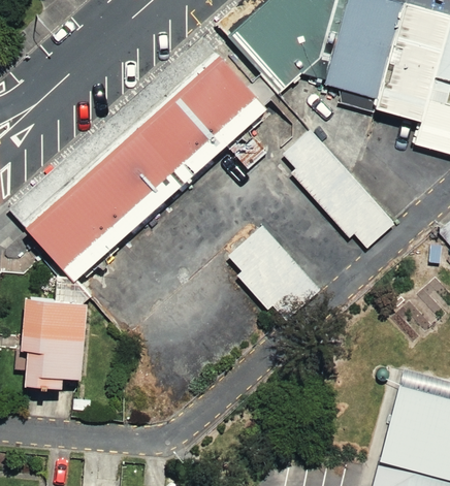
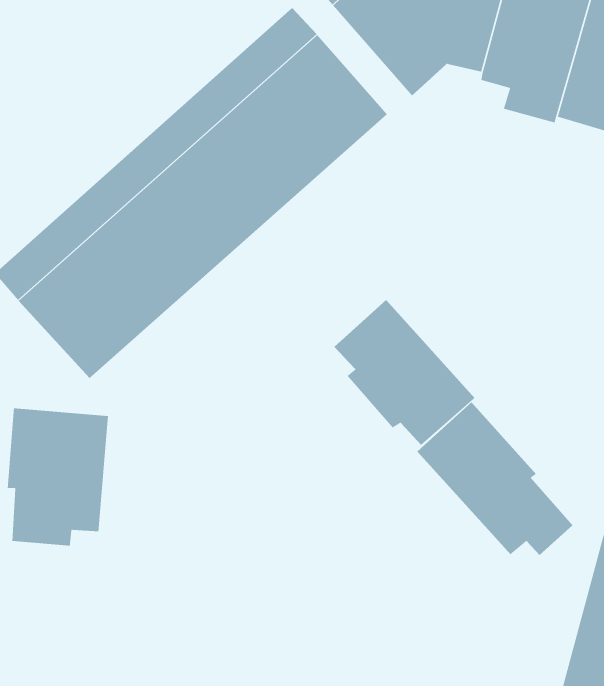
building: [284,129,396,249] -> none
building: none -> [417,402,573,556]

